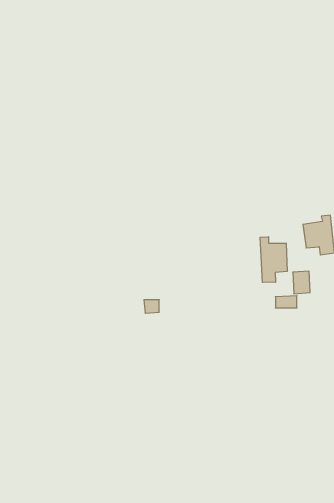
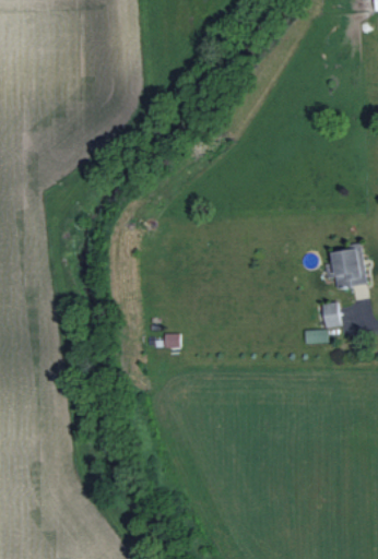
building: [260,237,287,282] -> none

